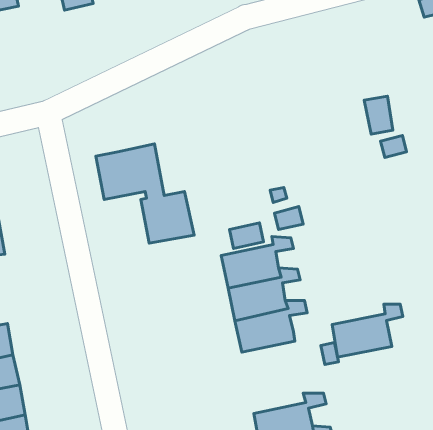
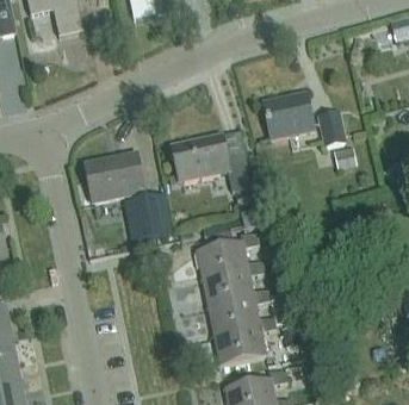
building: none -> [265,93,316,137]
building: none -> [173,135,252,189]
building: [332,304,403,357] -> [213,316,275,362]

